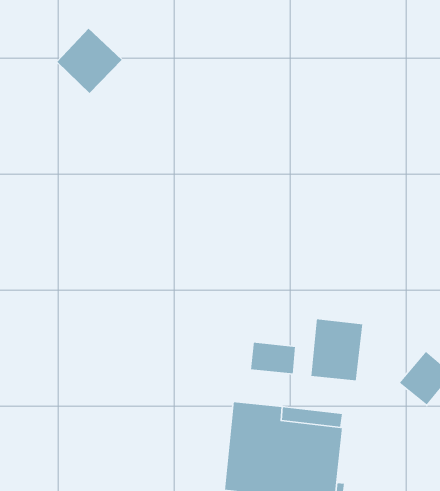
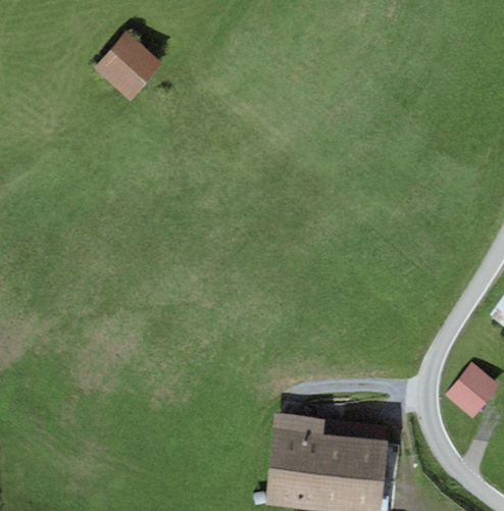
building: [310,319,363,381] -> none
building: [250,342,296,374] -> none

